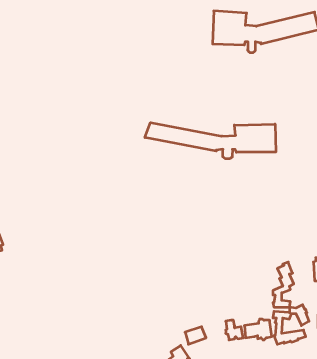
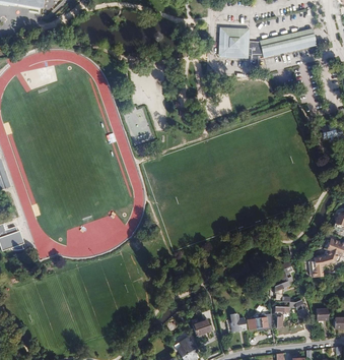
building: [145,123,276,159] -> none

